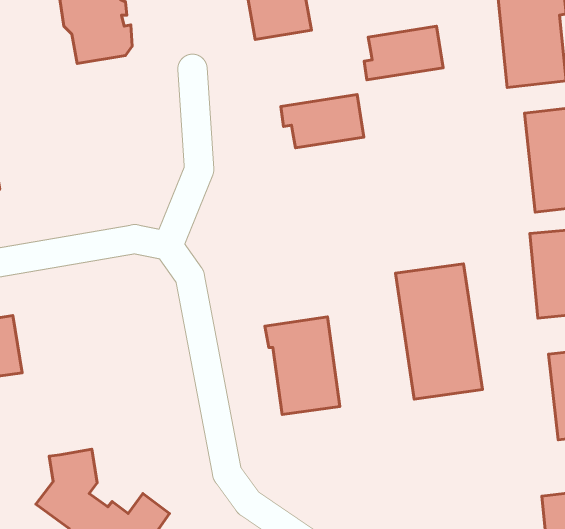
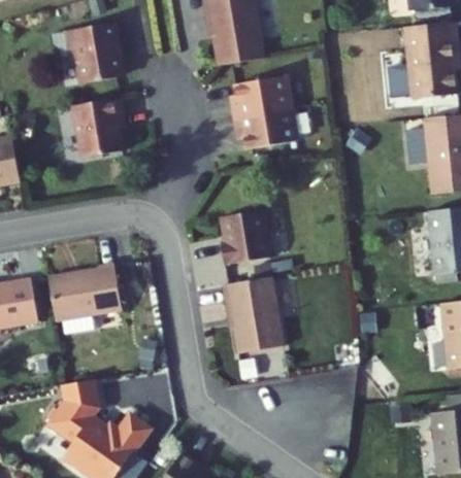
building: [364,26,443,80] -> [233,74,294,115]
building: none -> [74,95,124,155]
building: none -> [223,210,273,264]
building: [395,264,482,399] -> none
building: none -> [47,262,121,318]

